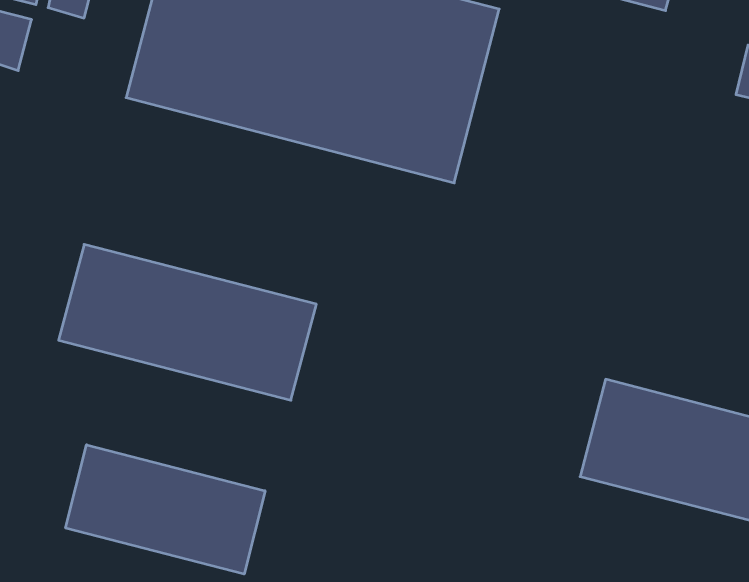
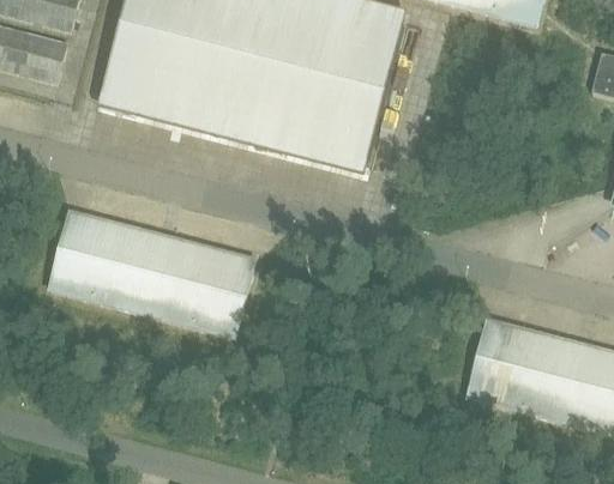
building: none -> [25,36,66,83]
building: [66,445,265,574] -> none

